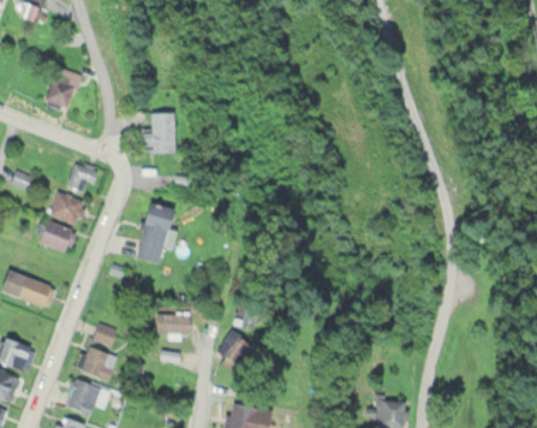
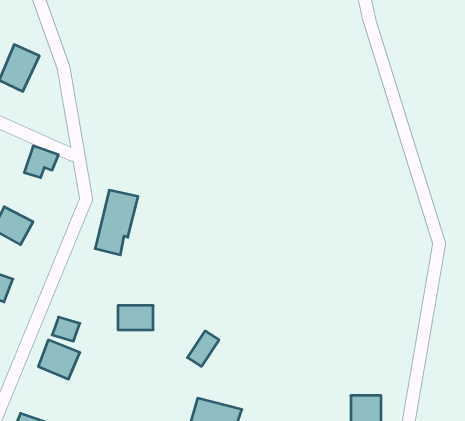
building: [142,112,173,151] -> none
building: [48,190,86,226] -> none
building: [70,379,112,416] -> none

